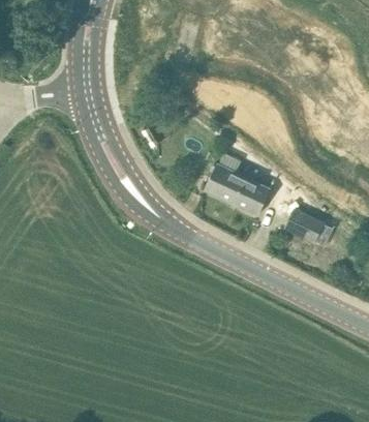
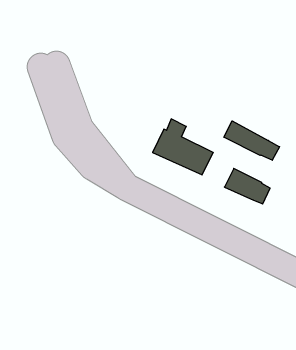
building: none -> [224,121,280,160]

